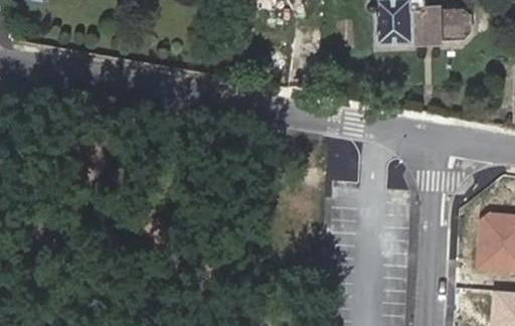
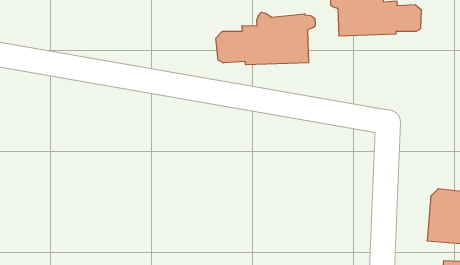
building: none -> [216,12,315,65]

